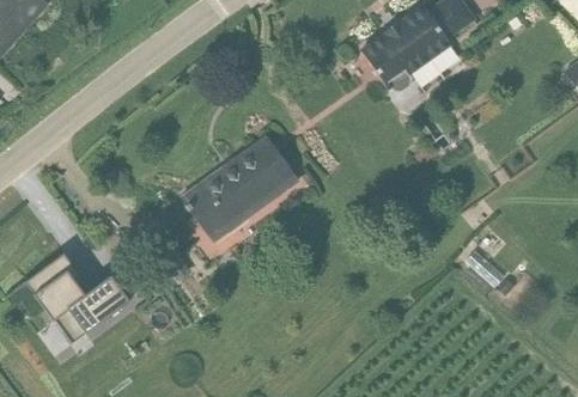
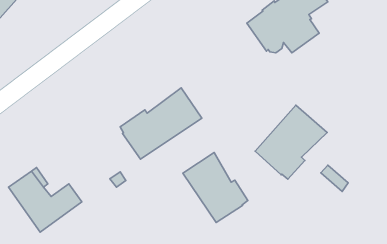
building: none -> [255,105,327,179]
building: none -> [183,152,248,223]

